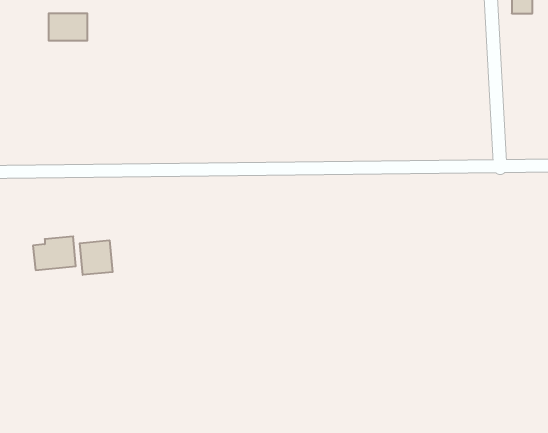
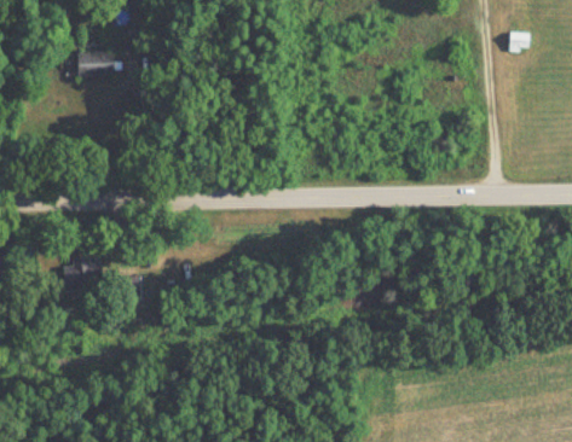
building: [80,240,113,275] -> none

